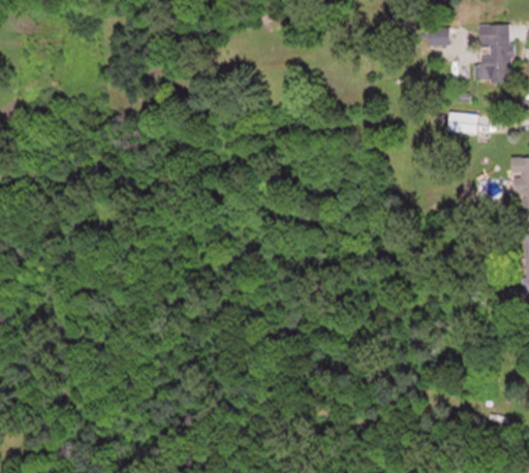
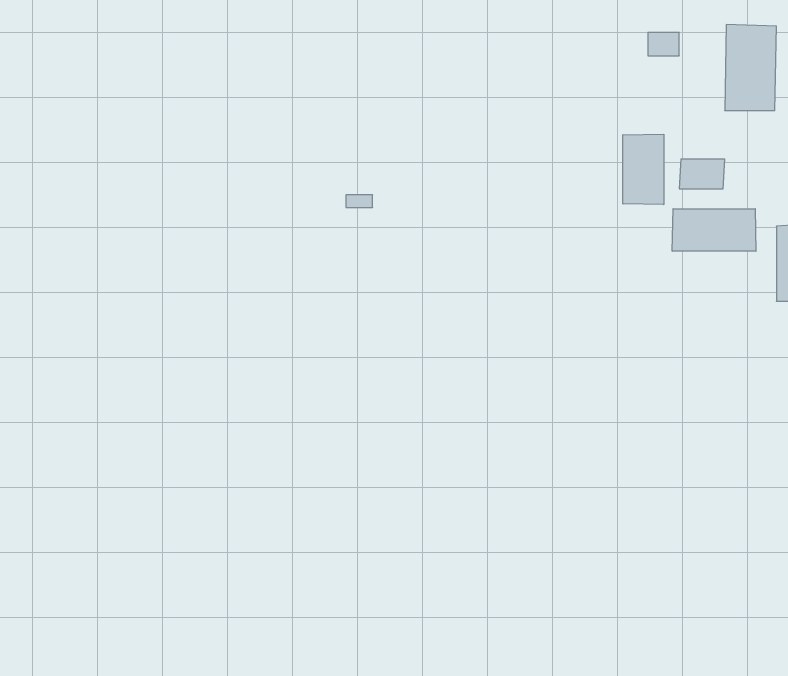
building: none -> [623,134,664,205]
building: none -> [672,209,756,251]

